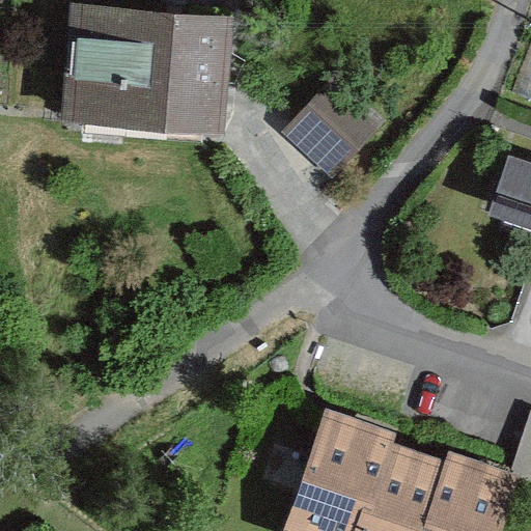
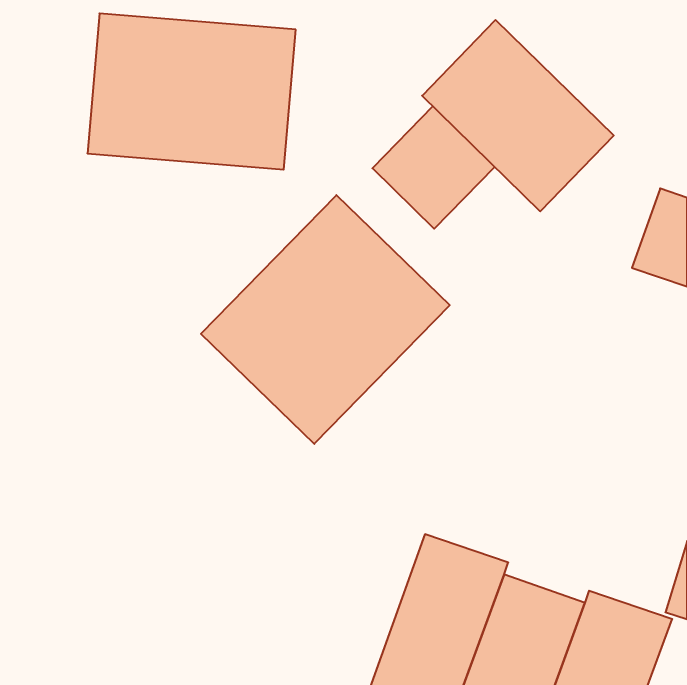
building: none -> [422,20,614,211]
building: none -> [201,195,450,444]

